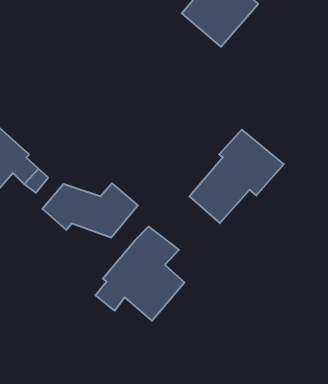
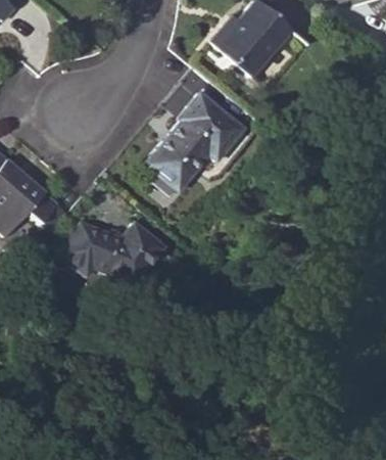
building: [189,130,284,223] -> [144,92,245,192]
building: [95,227,185,321] -> none

